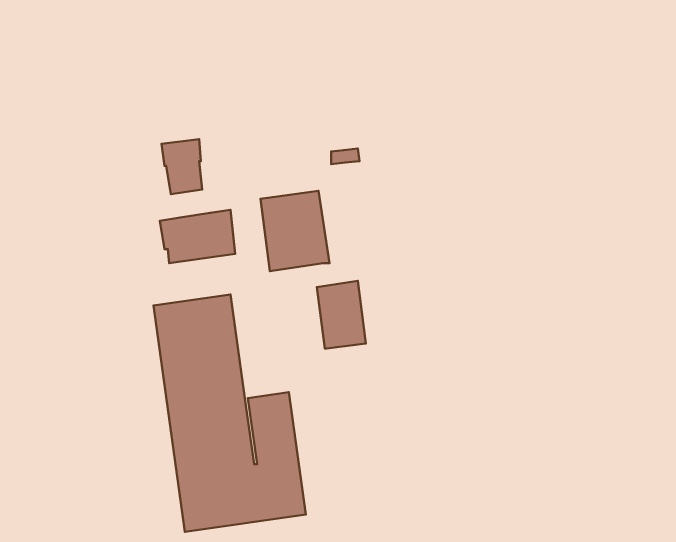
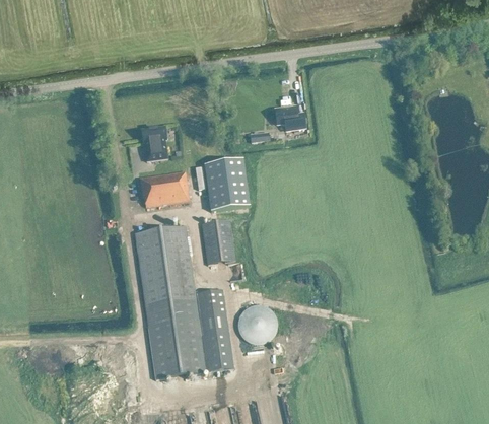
building: none -> [274,105,305,130]
building: [317,281,366,348] -> [202,220,233,264]
building: none -> [236,304,277,344]

